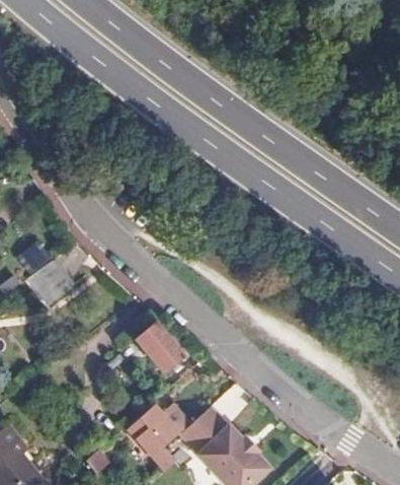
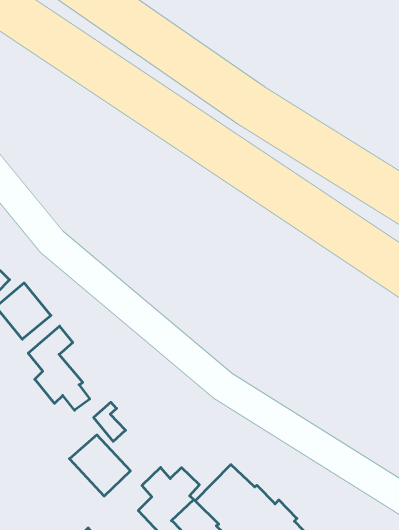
building: none -> [28,326,90,410]
building: [140,326,186,373] -> [69,435,130,496]

